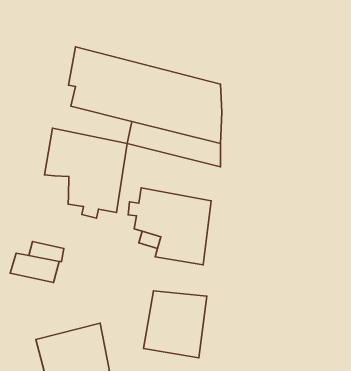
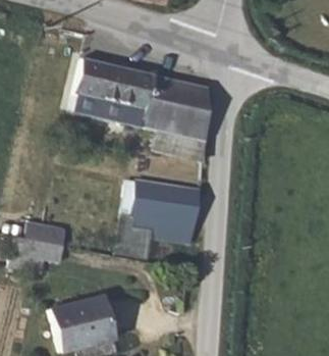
building: [44,128,127,218] -> none
building: [143,291,207,358] -> none

